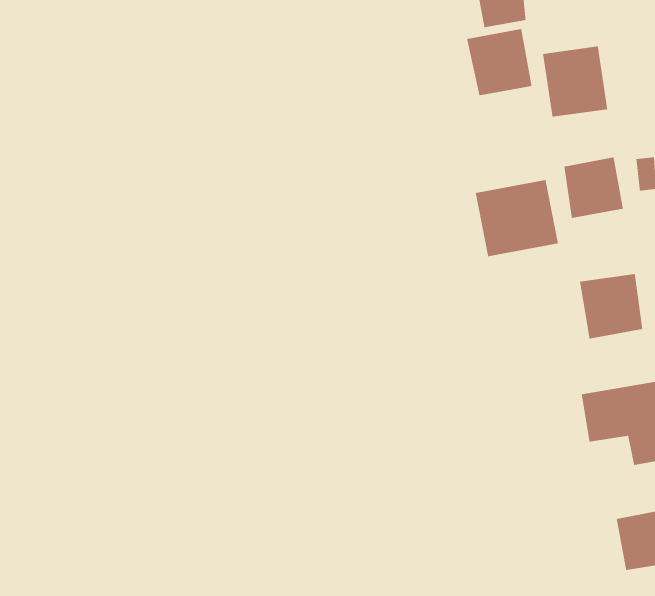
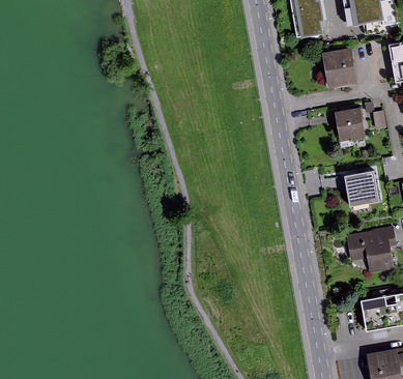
building: [466,28,533,96] -> none
building: [475,179,559,257] -> none

